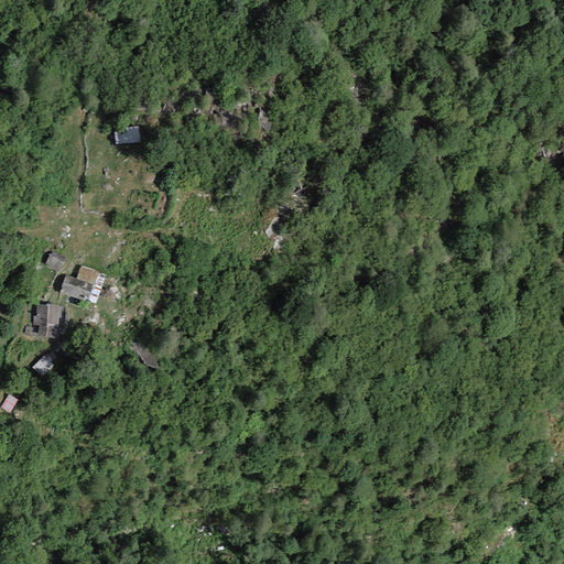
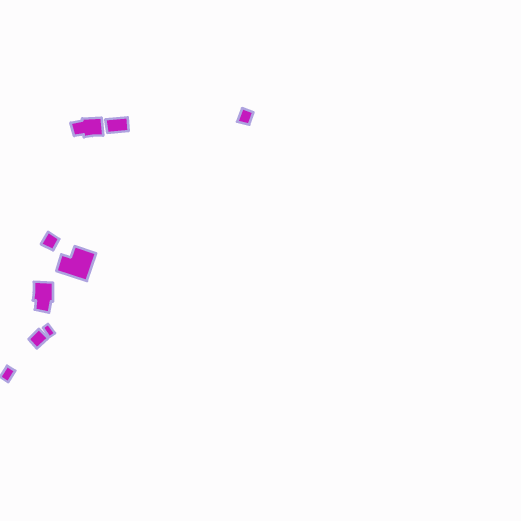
building: none -> [71,118,103,137]

